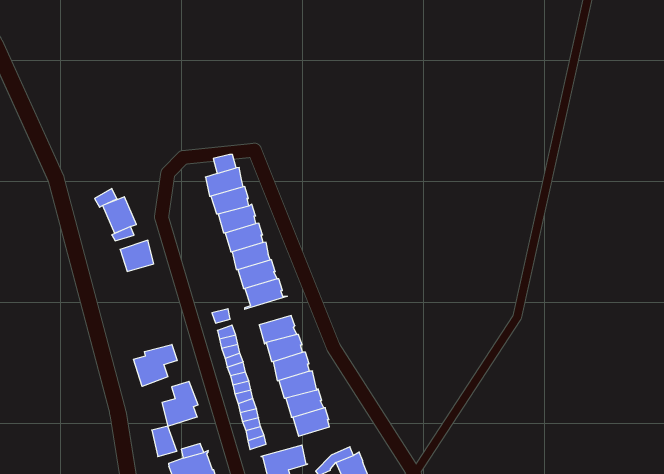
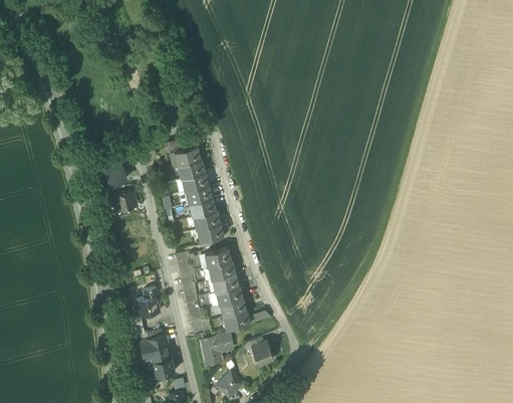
building: [133,344,177,386] -> none

